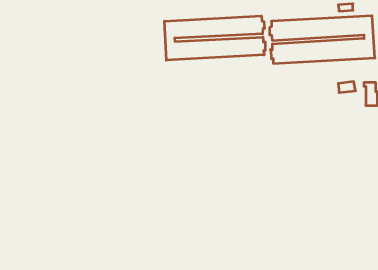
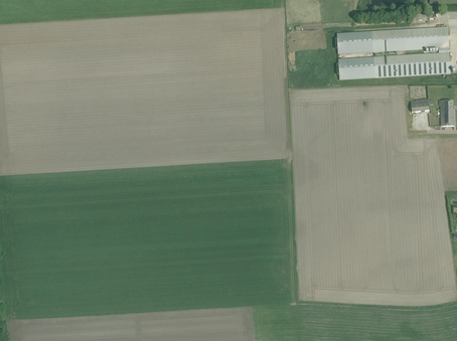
building: [165,16,265,60] -> none

